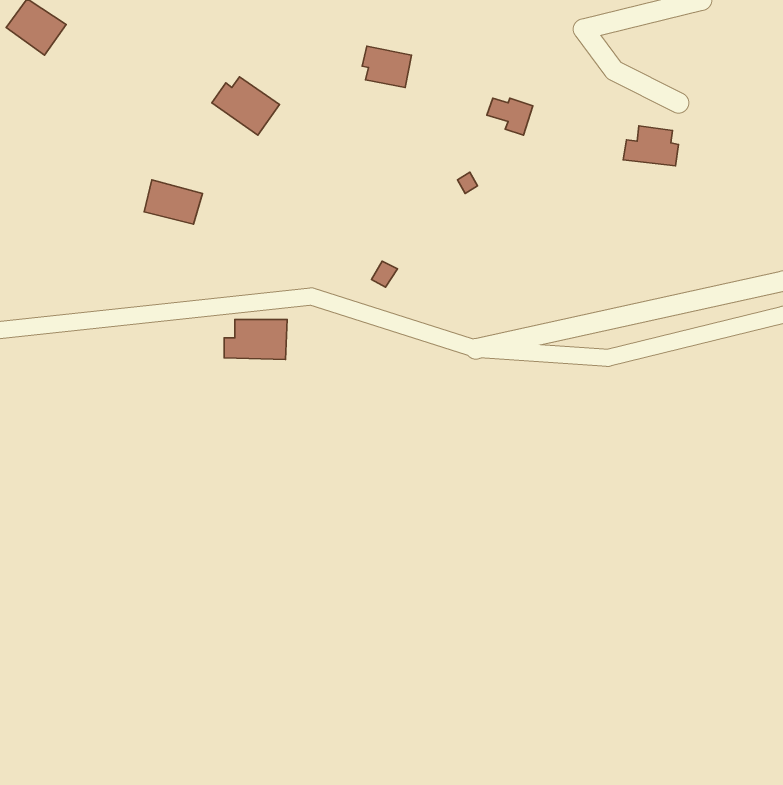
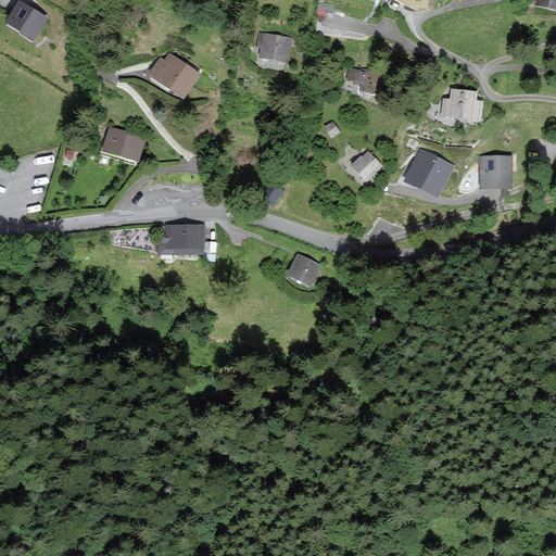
building: none -> [405,150,452,195]
building: none -> [349,152,379,180]
building: none -> [480,156,510,186]
building: none -> [288,255,318,283]

